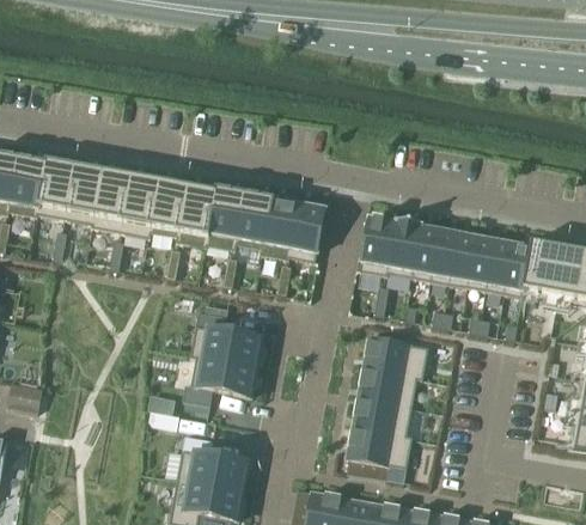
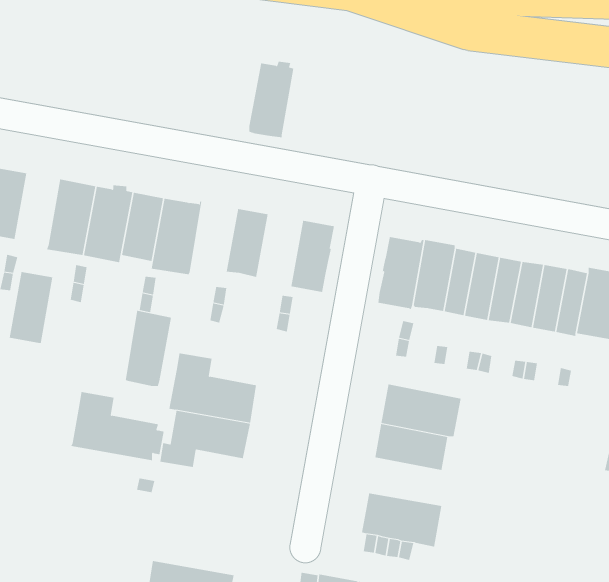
building: [66,163,102,221] -> [9,271,53,344]
building: [208,185,246,248] -> [125,310,172,387]
building: [262,195,299,257] -> [249,61,294,138]
building: [353,393,413,432] -> none
building: [177,433,254,489] -> [70,392,165,461]

